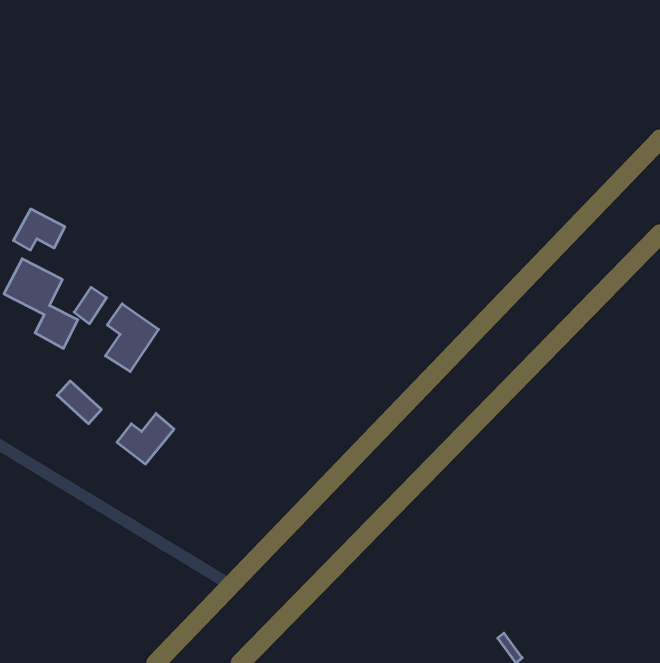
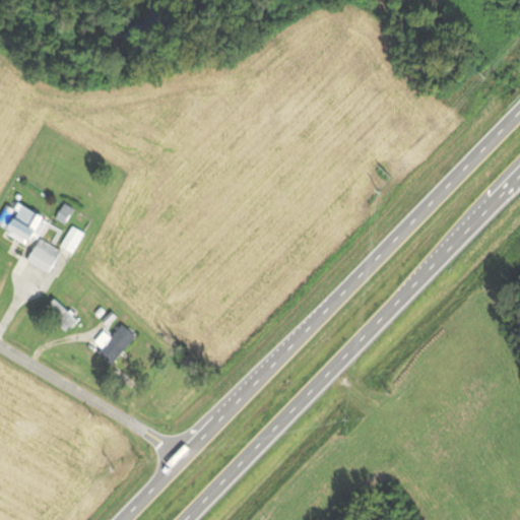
building: [13,209,65,250] -> none
building: [105,304,159,372] -> none

